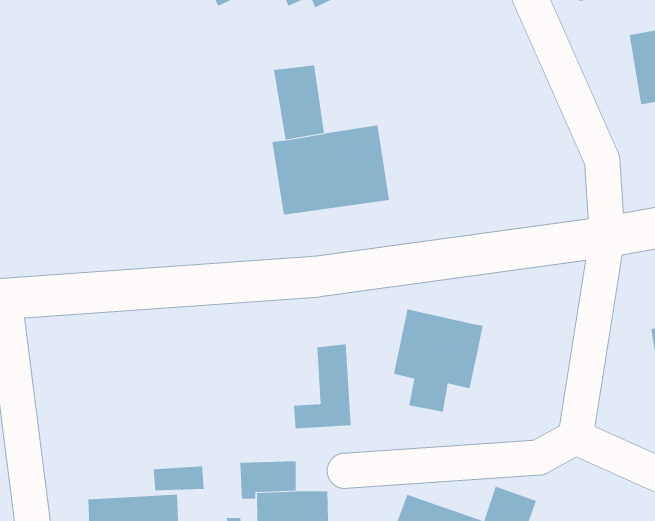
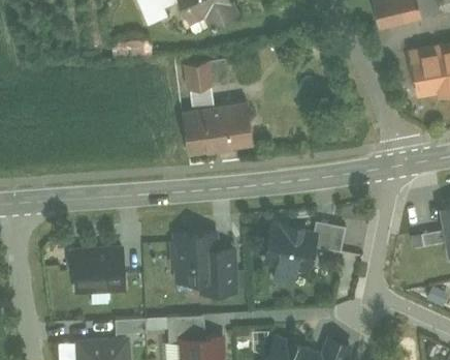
building: none -> [312,220,344,251]
building: none -> [171,230,217,283]
building: none -> [70,245,125,292]

